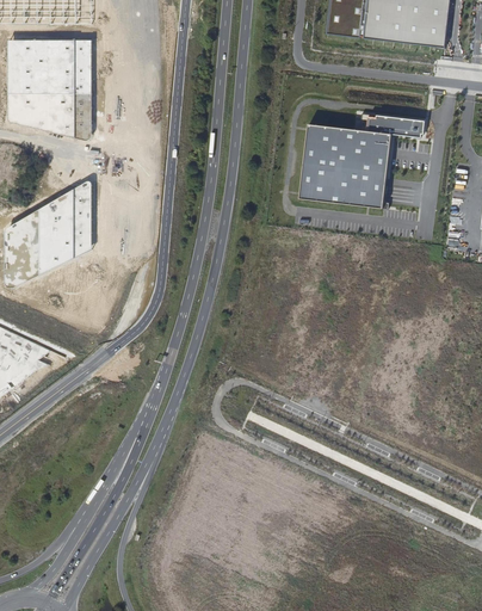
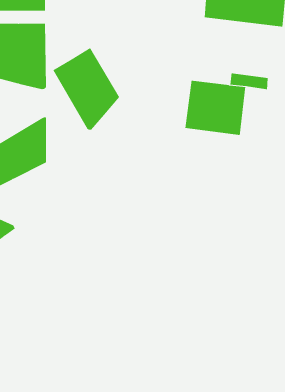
building: none -> [52,47,120,130]

